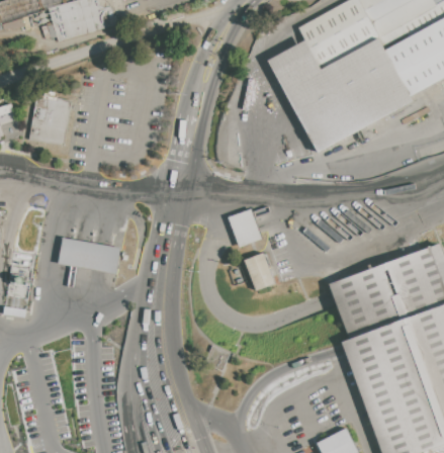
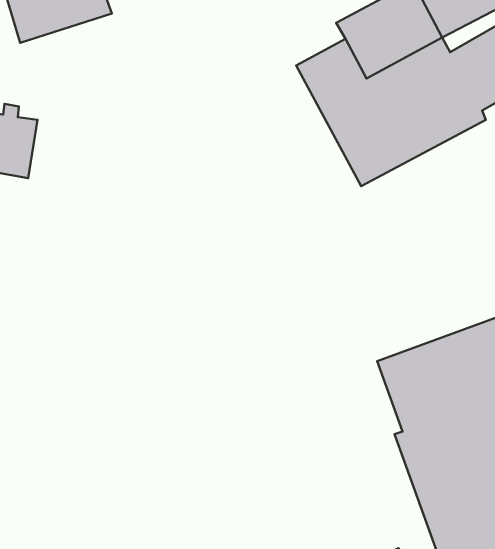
building: [229,209,278,247] -> none
building: [58,237,120,291] -> none
building: [245,253,275,290] -> none

